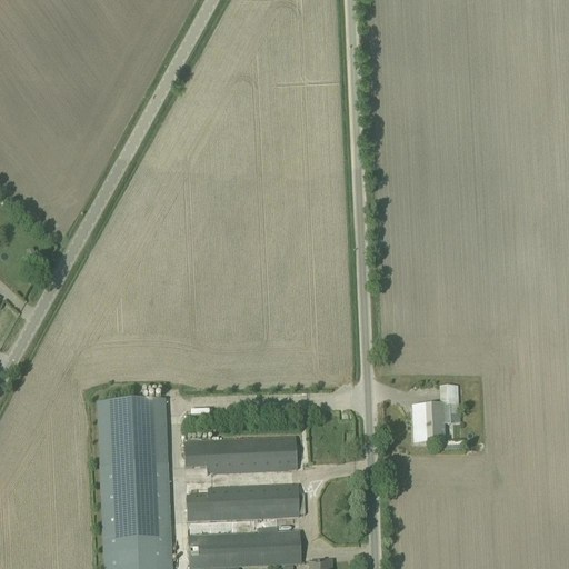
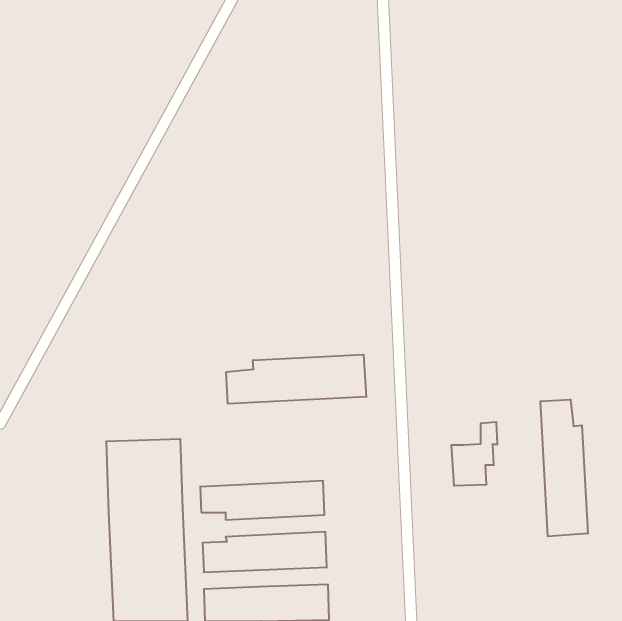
building: none -> [226,355,366,404]
building: none -> [540,399,588,536]

